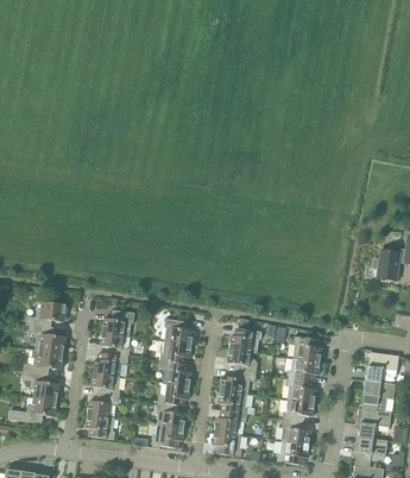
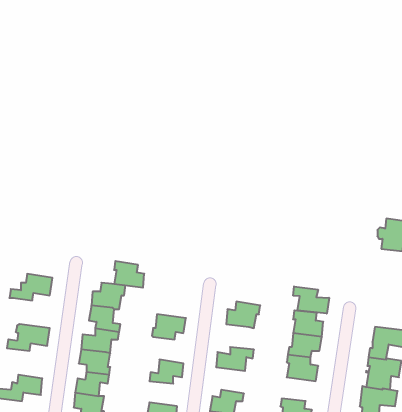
building: none -> [293,286,329,314]
building: [164,319,193,344] -> [114,261,144,288]
building: [29,325,65,353] -> none
building: [227,350,257,373] -> none
building: [159,361,191,386] -> none
building: [21,372,58,401] -> none
building: [217,390,247,415] -> none
building: [282,400,314,422] -> none
building: [156,403,185,427] -> none

